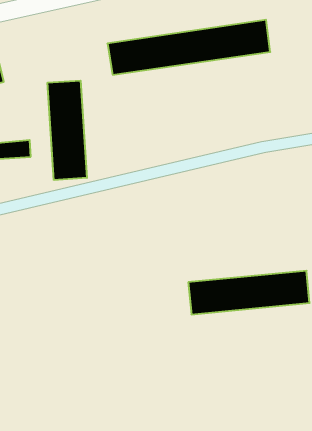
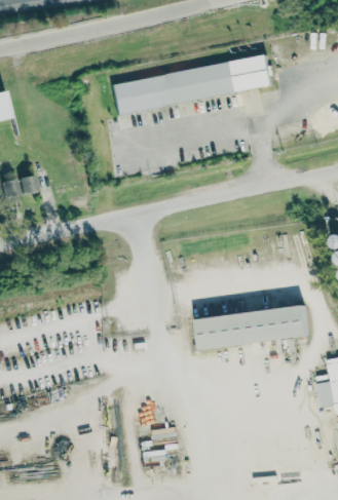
building: [48,81,87,180] -> none

